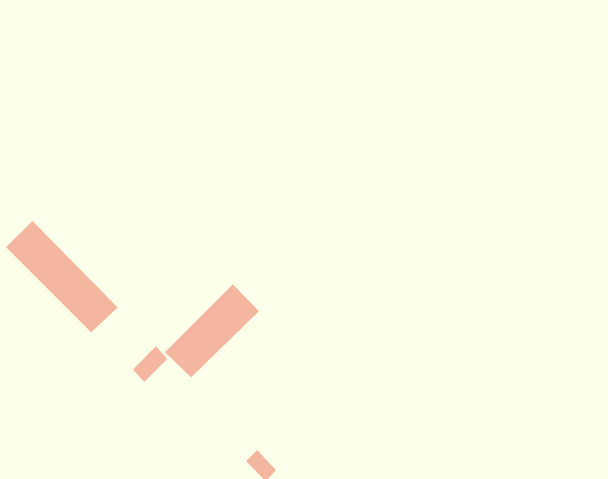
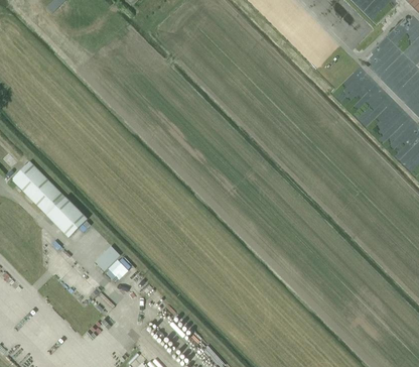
building: [164,284,260,378] -> none

